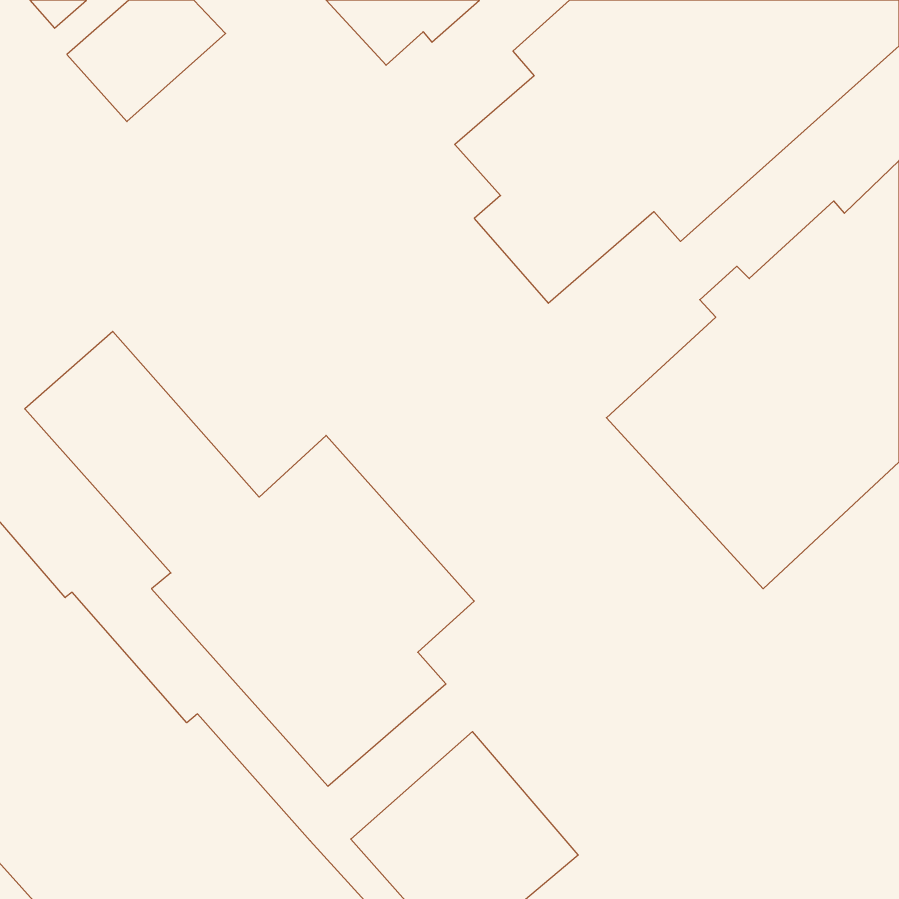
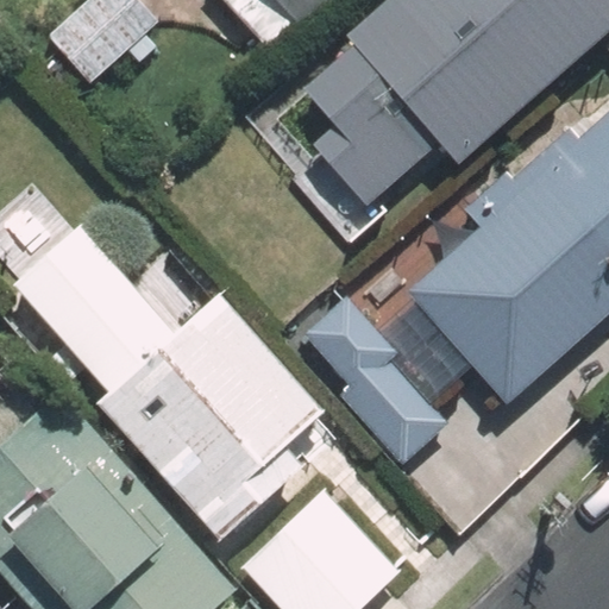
building: none -> [310,301,445,462]

